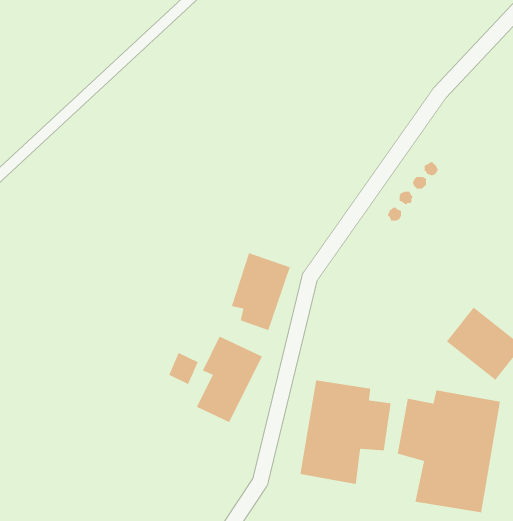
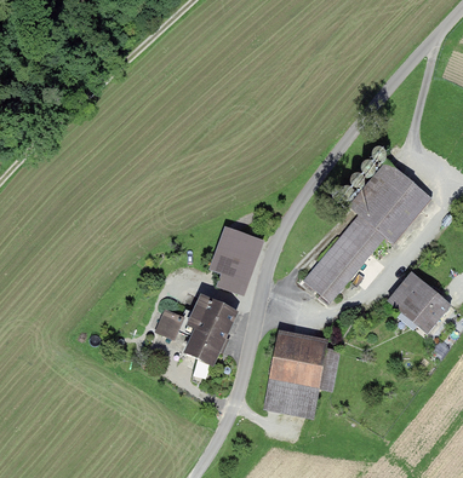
building: none -> [303,160,431,303]
building: [397,389,501,513] -> none

